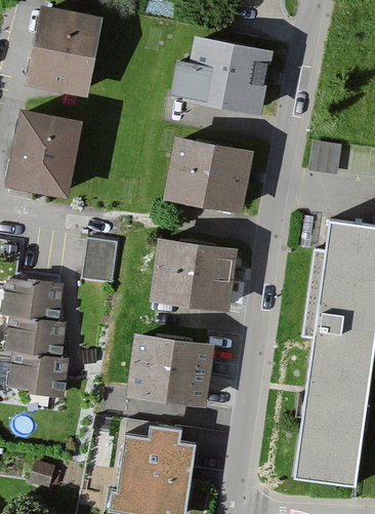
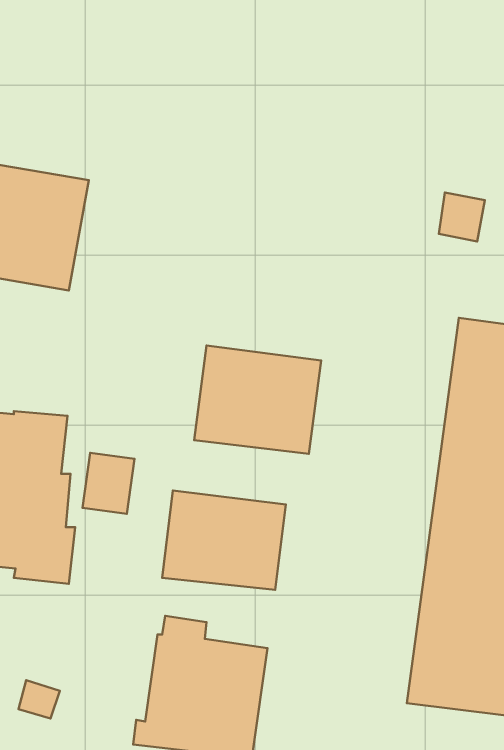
building: [25,9,100,100] -> none
building: [168,40,273,119] -> none
building: [166,141,252,210] -> none
building: [85,241,120,282] -> [83,453,134,514]

